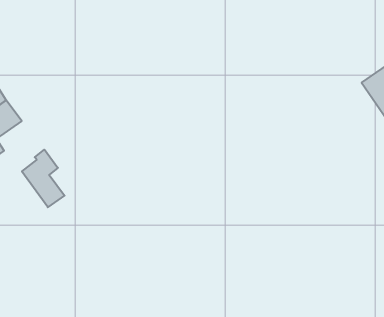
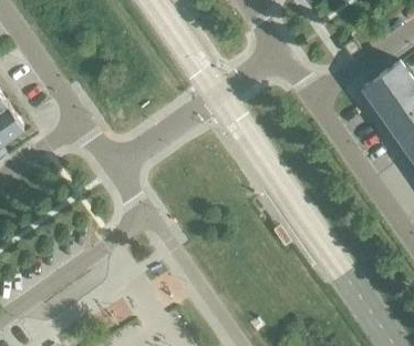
building: [22,150,65,207] -> none

